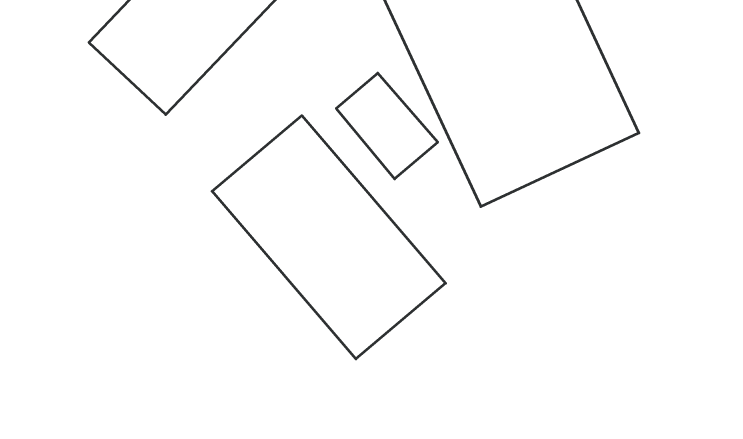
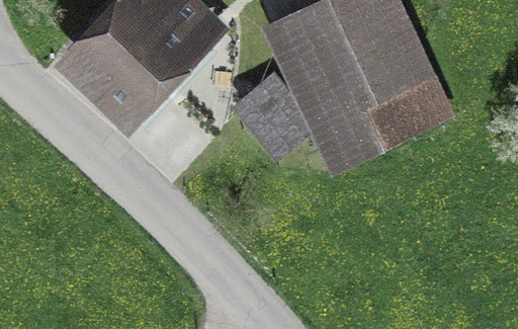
building: [212,116,446,359] -> none

